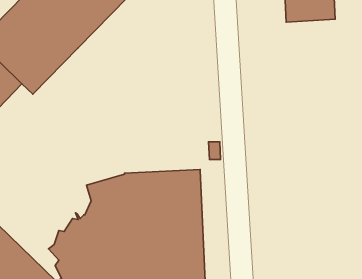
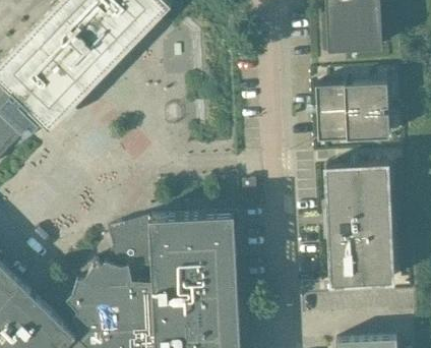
building: none -> [316,84,385,142]
building: none -> [326,166,393,286]

